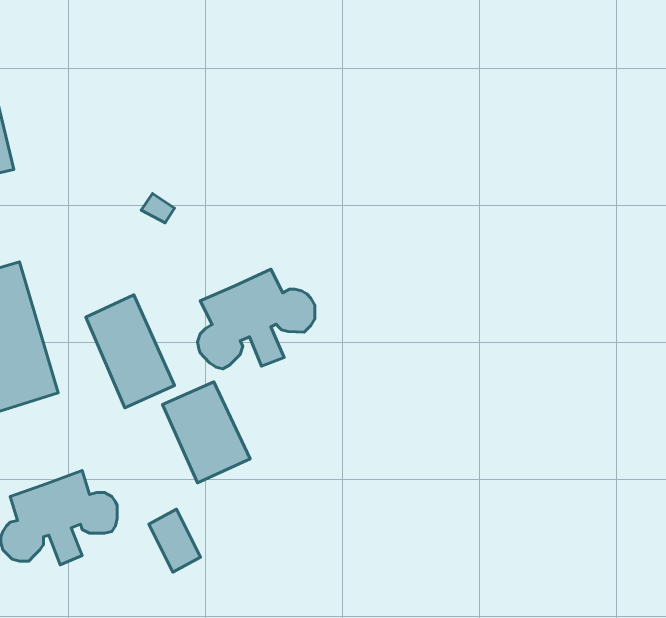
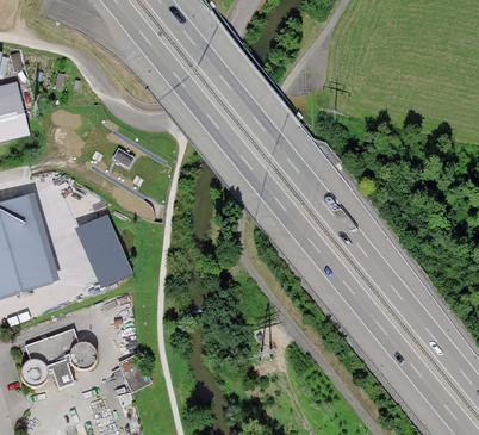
building: [197,269,315,369] -> none
building: [162,382,250,483] -> none

